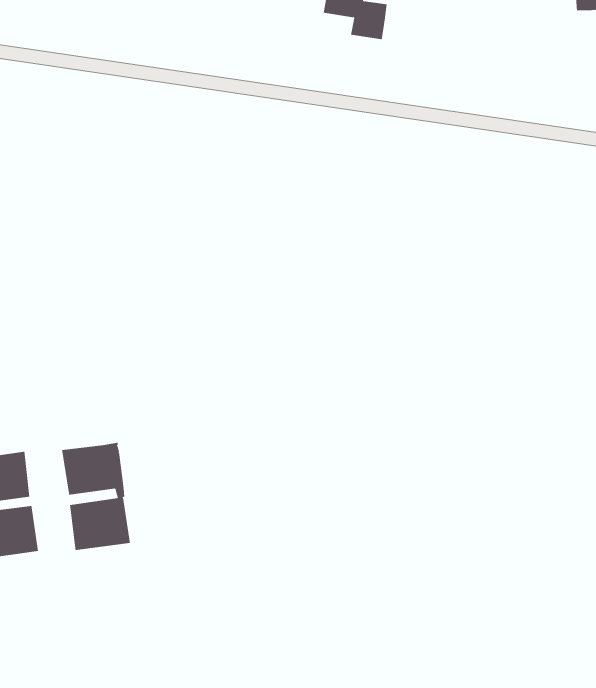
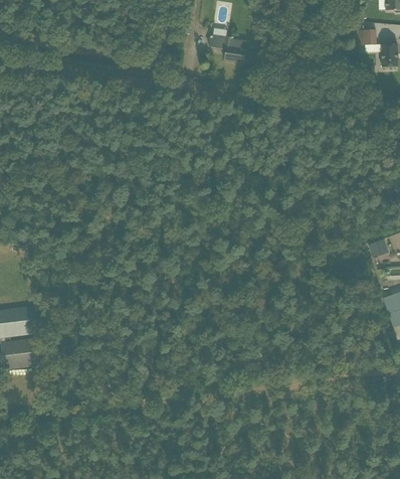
building: [62,442,131,551] -> none

